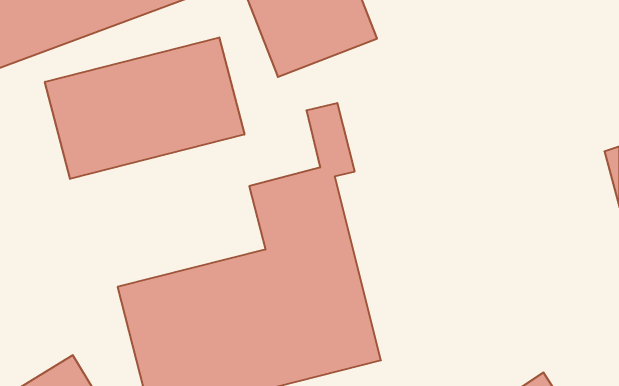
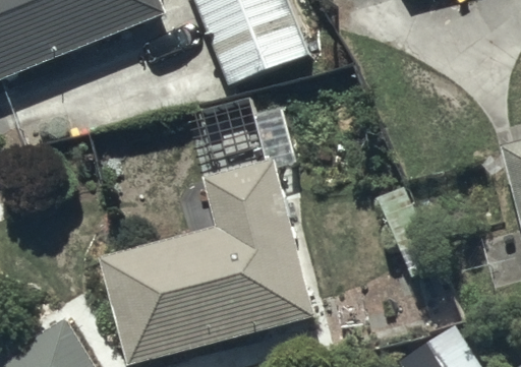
building: [45,37,244,179] -> none

